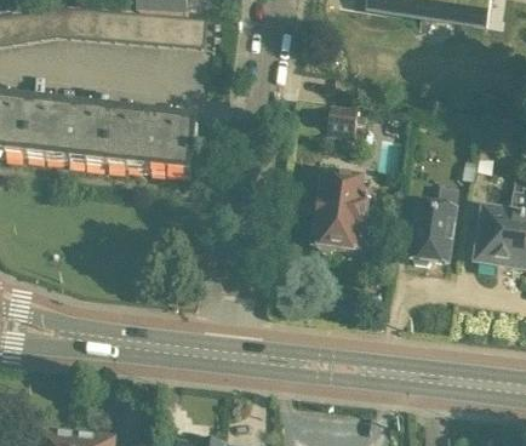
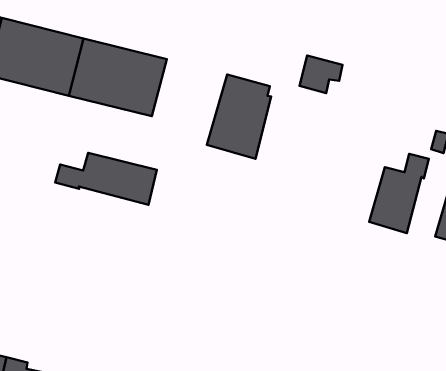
building: [311,168,367,246] -> [207,75,271,159]
building: none -> [55,153,157,205]

